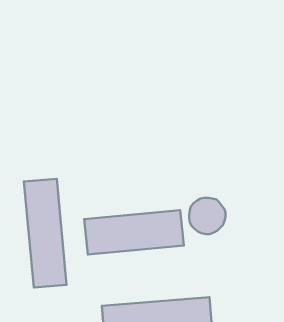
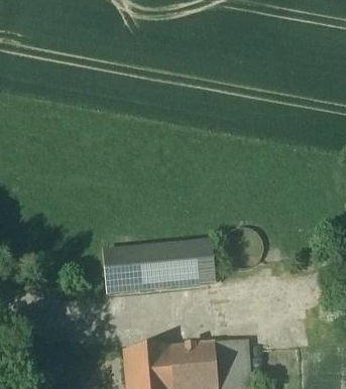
building: [24,179,67,288] -> none

